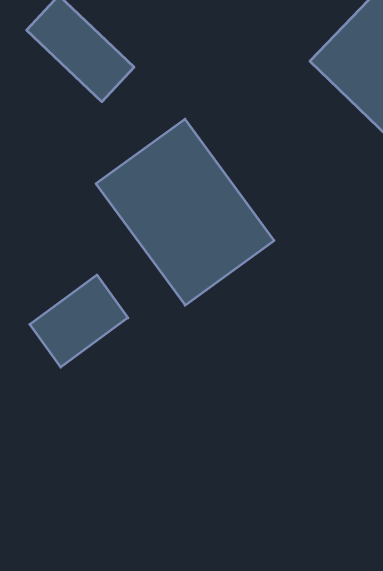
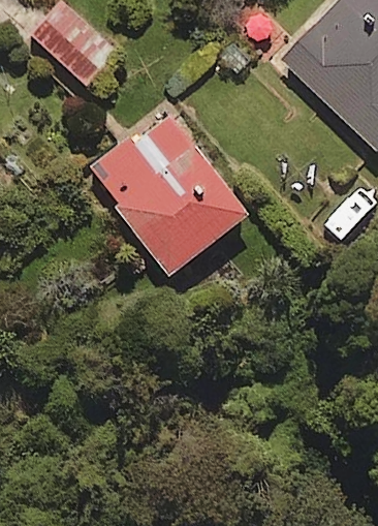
building: [30,275,128,367] -> none

